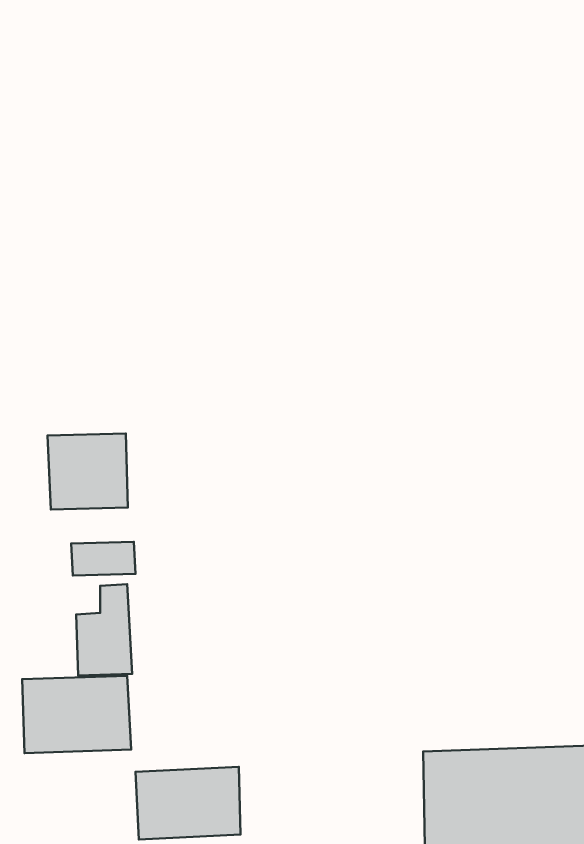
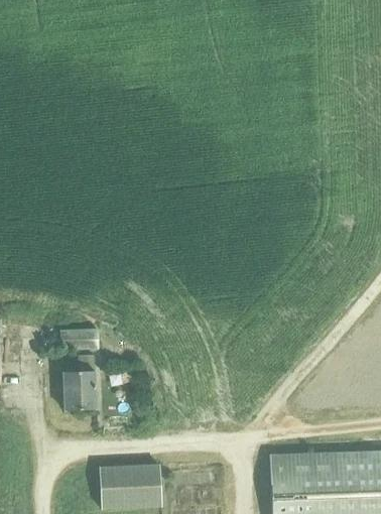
building: [47,433,128,510] -> none
building: [22,676,131,753] -> none

